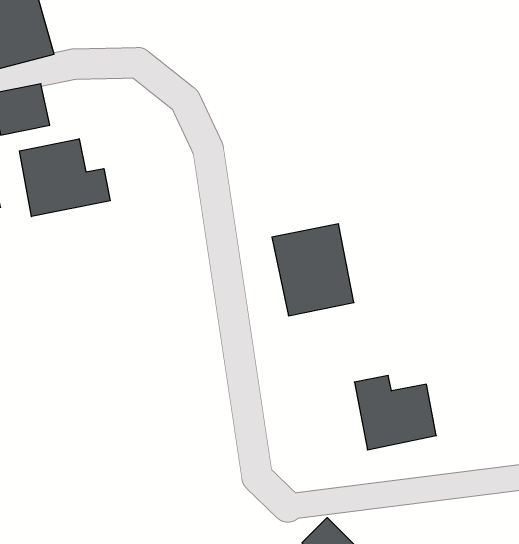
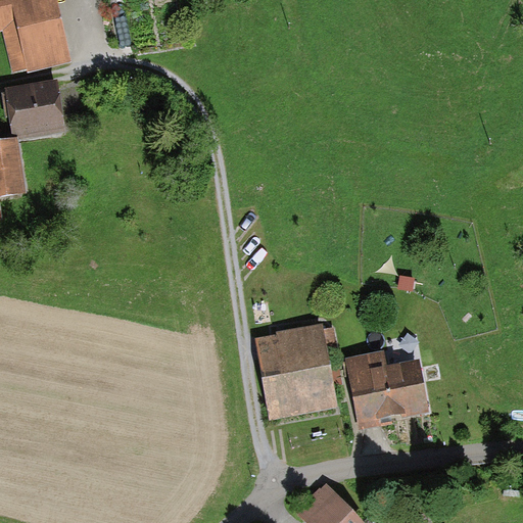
building: [19,139,110,217] -> none
building: [272,224,354,316] -> [257,329,334,415]

